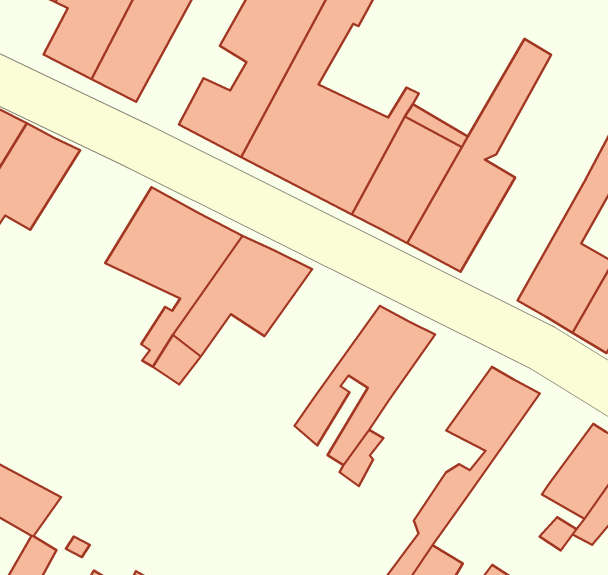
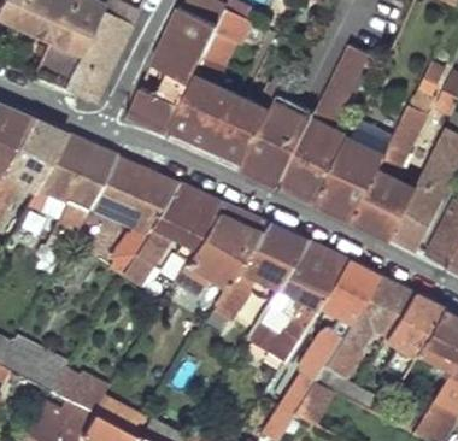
building: none -> [321,117,399,217]
building: none -> [27,134,114,237]
building: none -> [170,204,269,296]
building: none -> [265,242,345,361]
building: none -> [333,277,413,352]

